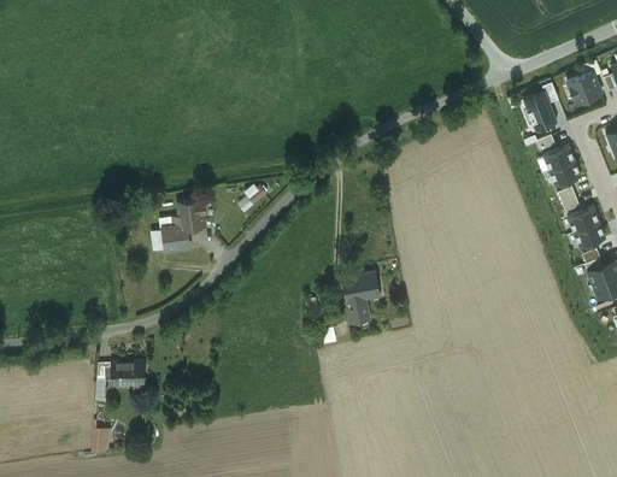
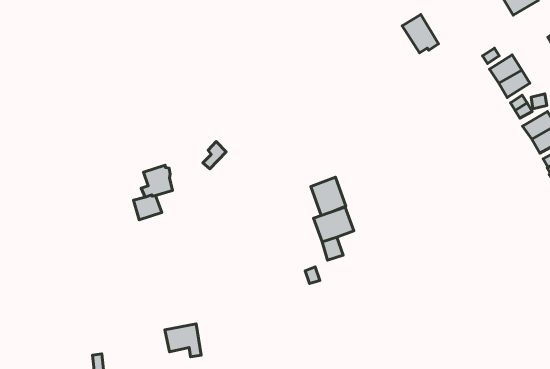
building: [523,92,557,130] -> [402,14,439,53]
building: none -> [311,177,346,215]
building: [111,361,143,394] -> [165,324,201,357]

